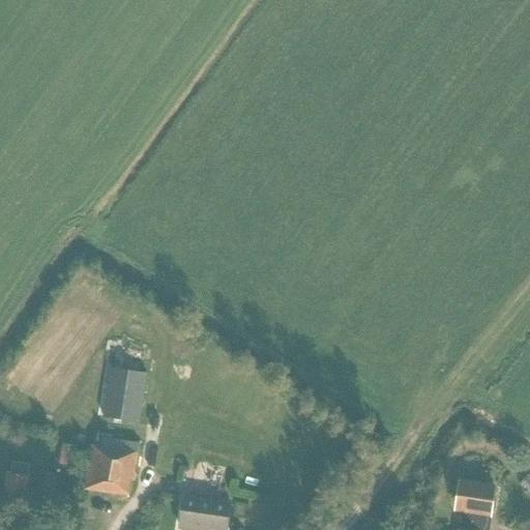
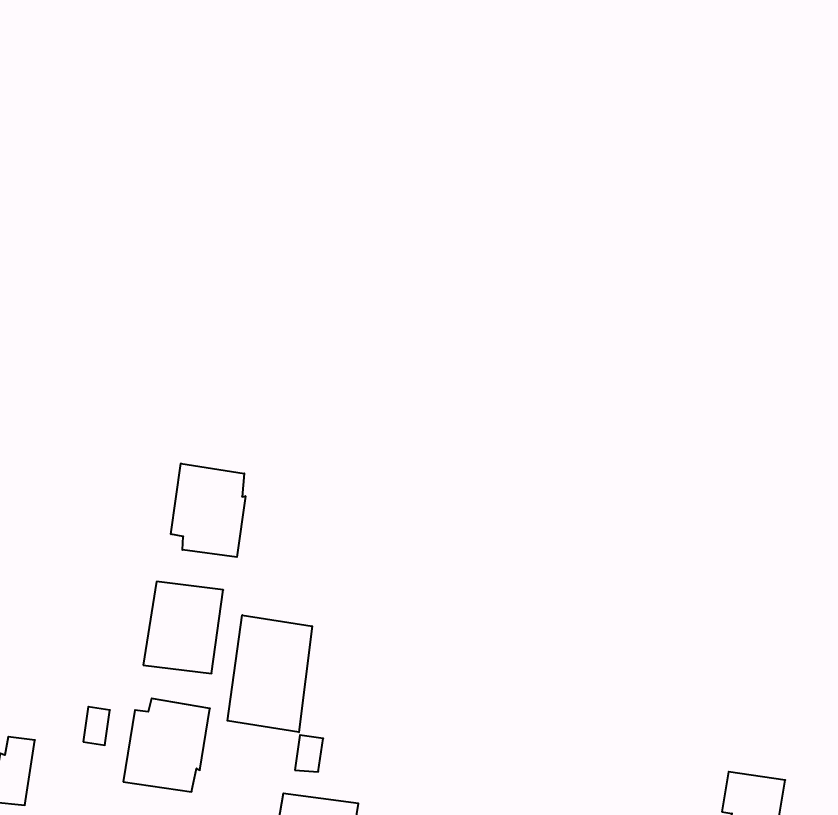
building: none -> [171,463,245,557]
building: none -> [227,615,312,732]

